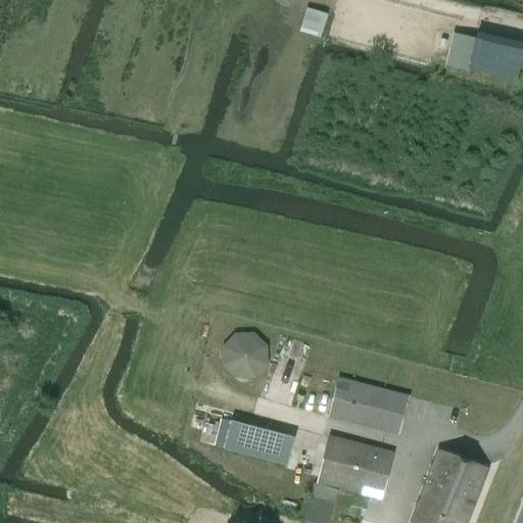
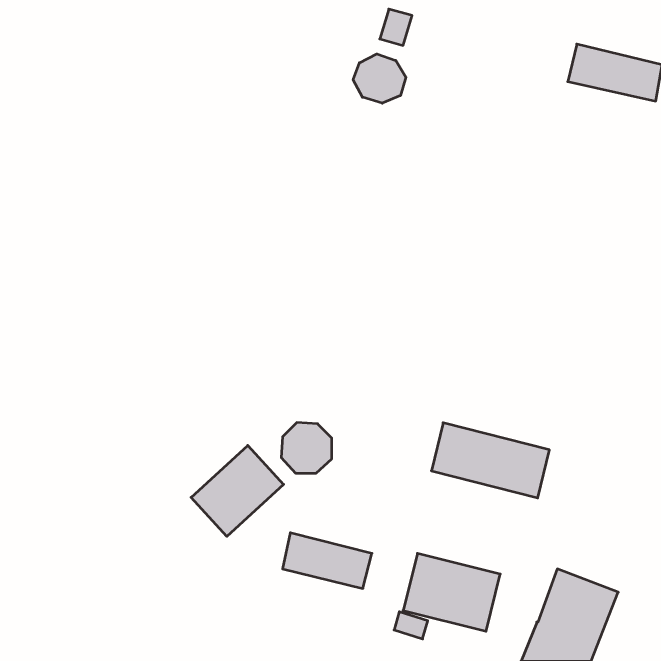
building: none -> [353,54,406,103]
building: none -> [191,445,284,536]
building: [329,377,422,436] -> [431,423,549,498]

